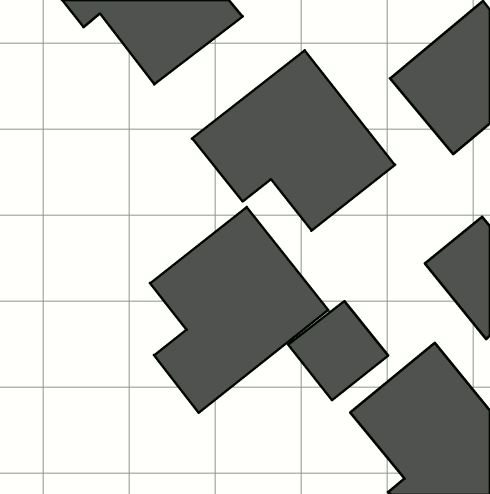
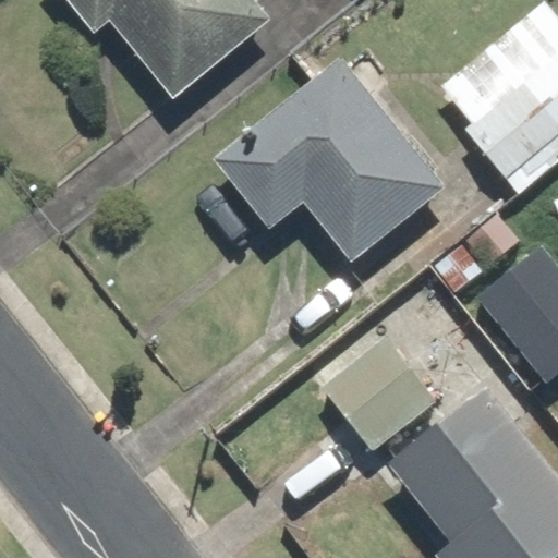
building: [150,207,328,413] -> none

